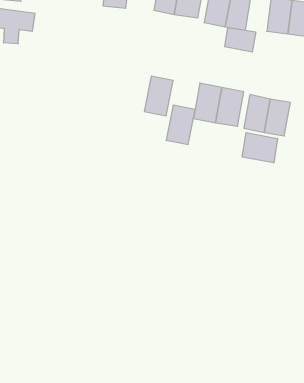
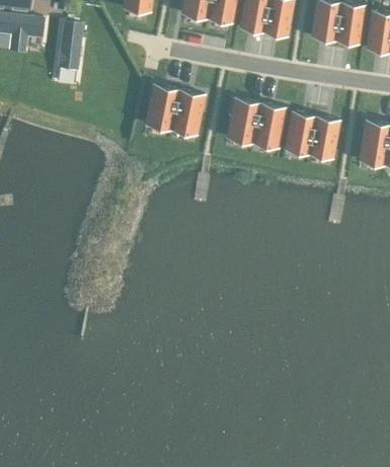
building: none -> [57,22,84,72]
building: [225,27,256,52] -> none
building: [166,105,195,145] -> [146,86,179,132]
building: [242,133,278,163] -> none

